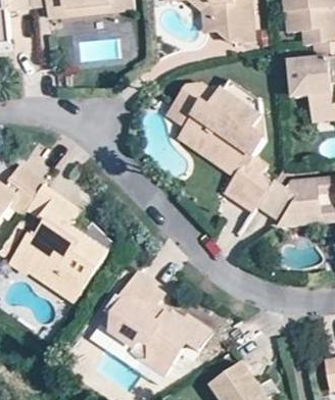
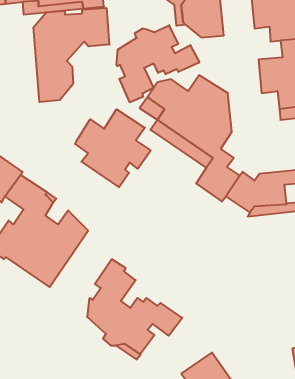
building: none -> [34,8,109,102]
building: none -> [117,25,199,102]
building: none -> [75,109,151,187]

